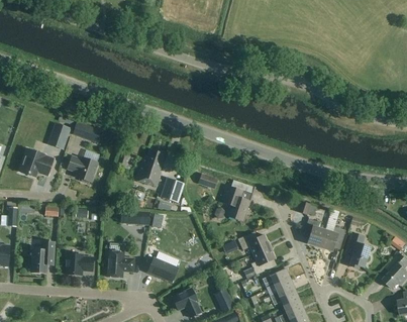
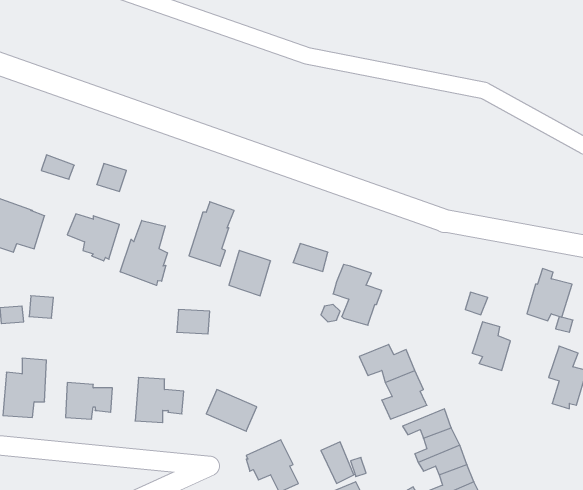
building: none -> [120,220,167,285]
building: [319,220,345,250] -> [527,269,572,321]

